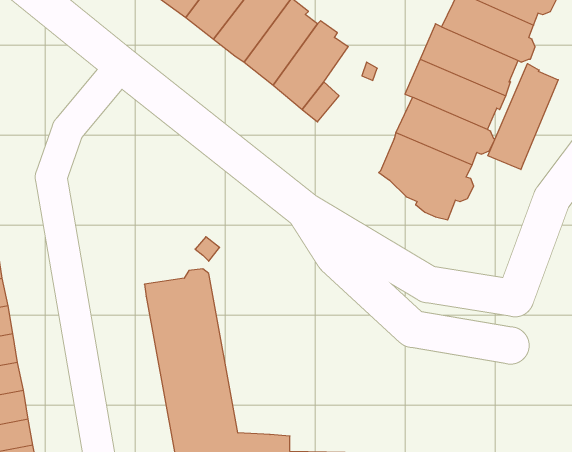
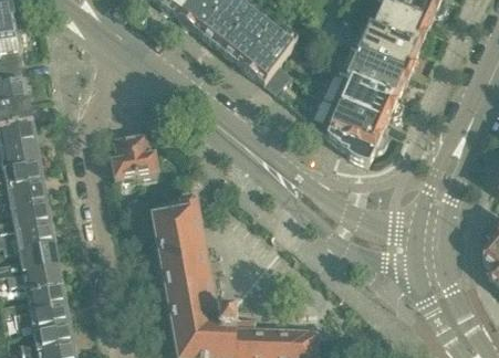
building: [488,64,558,170] -> none
building: none -> [111,134,158,179]

